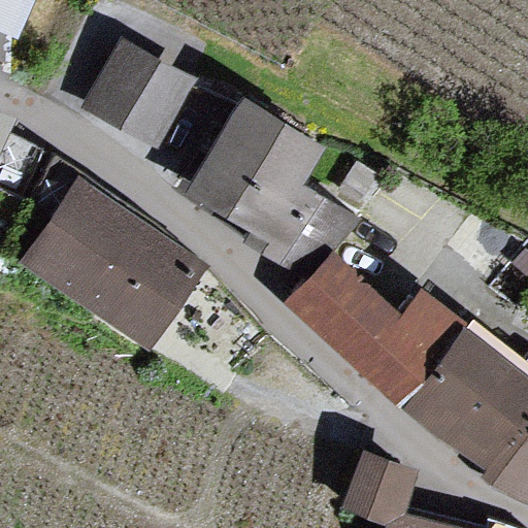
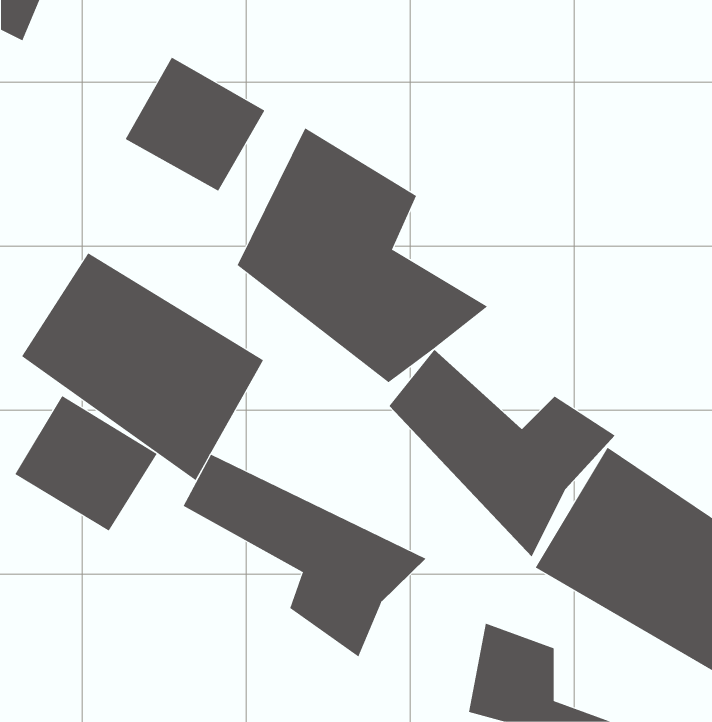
building: none -> [14,395,157,531]
building: none -> [183,454,426,658]

